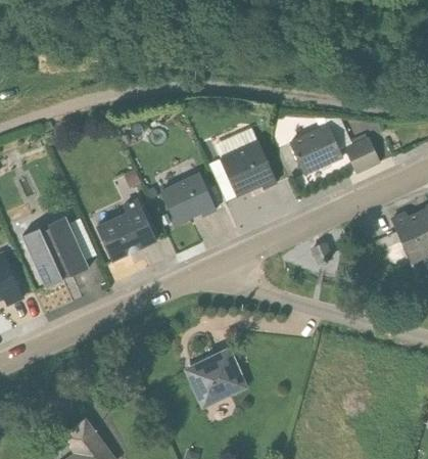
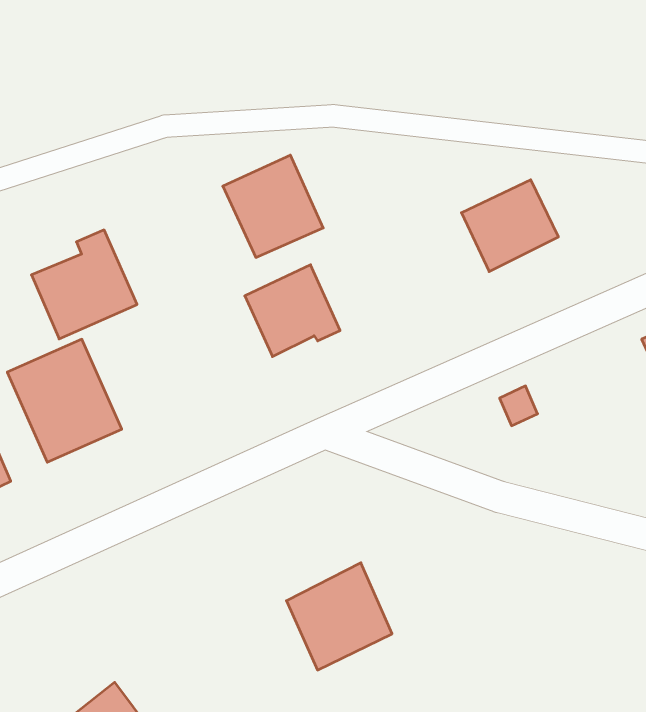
building: [347,135,384,173] -> none
building: [220,138,279,198] -> [223,155,323,257]
building: [95,198,157,263] -> [31,230,137,339]

